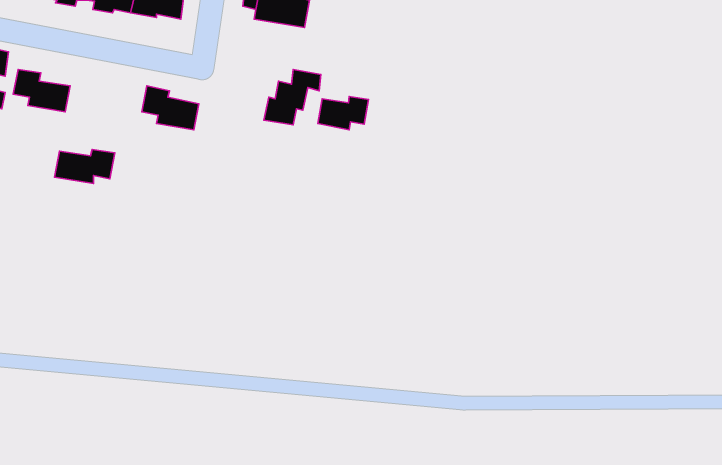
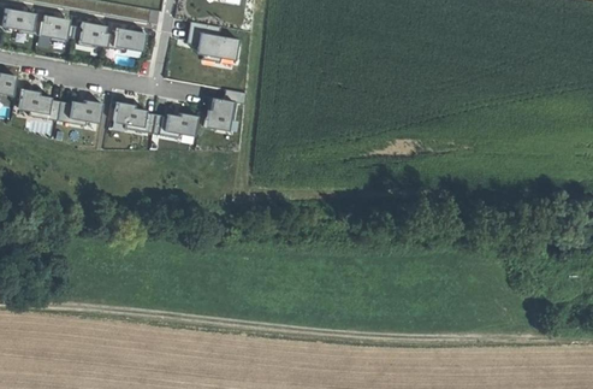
building: [318,96,369,130] -> none
building: none -> [153,112,197,137]
building: [55,149,115,184] -> [58,99,102,124]

